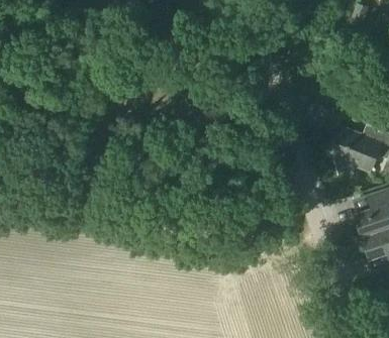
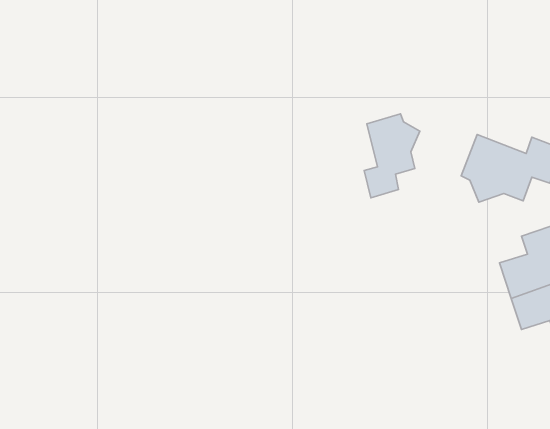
building: none -> [364,114,420,198]

